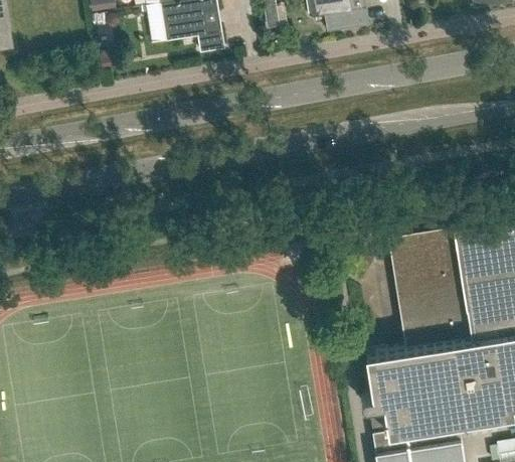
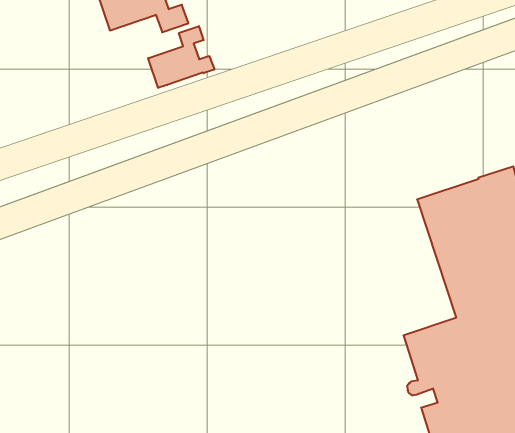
building: none -> [148,26,214,88]

